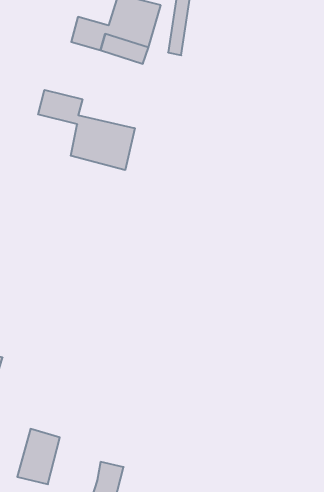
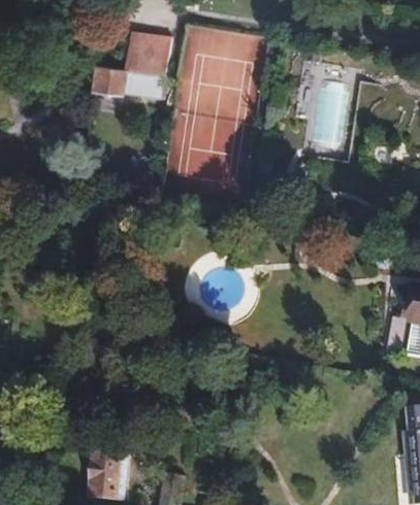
building: [38,90,135,170] -> none

